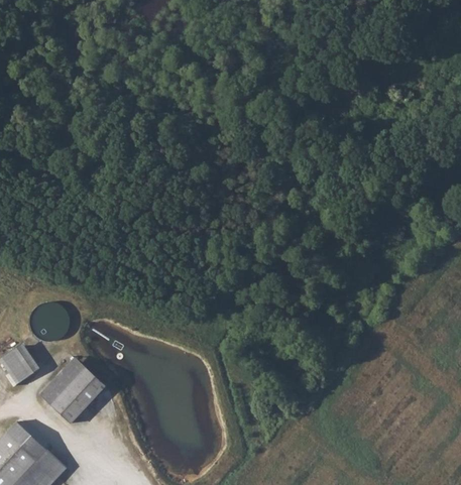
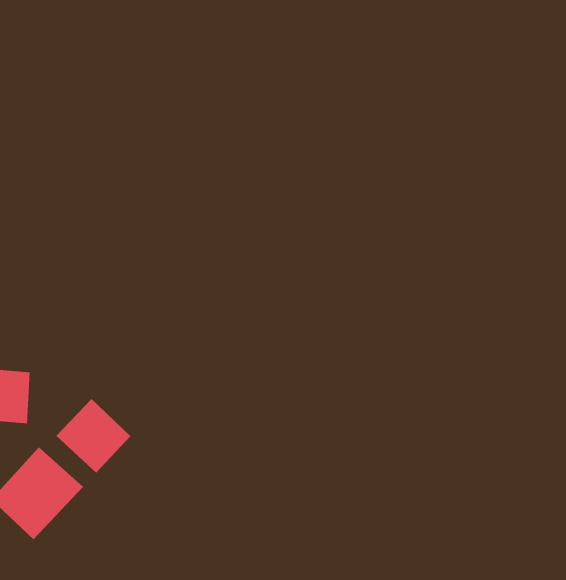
building: none -> [55,398,131,473]

